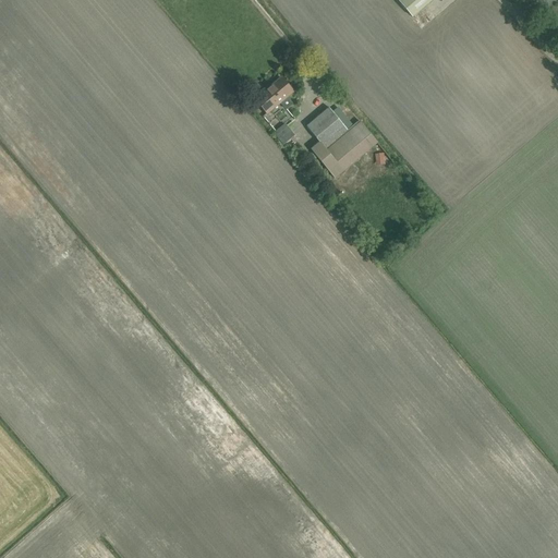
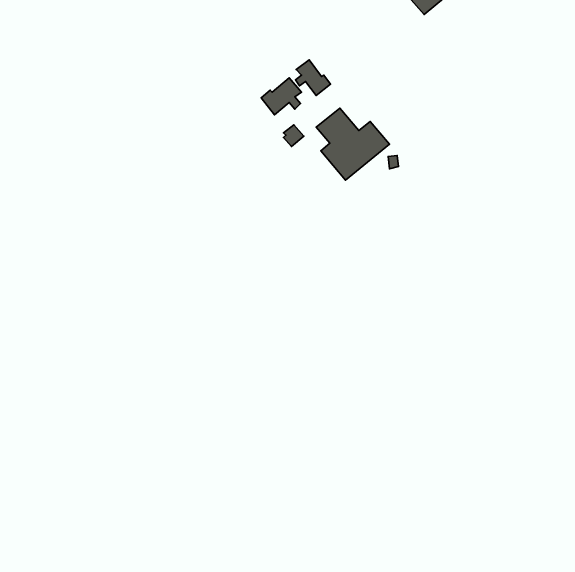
building: none -> [295,60,331,96]

